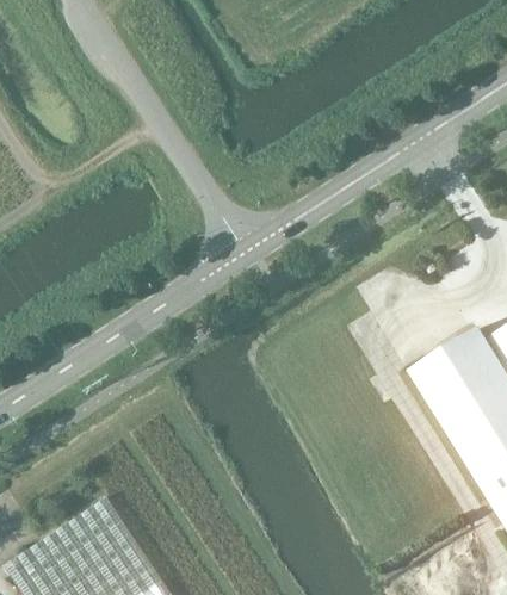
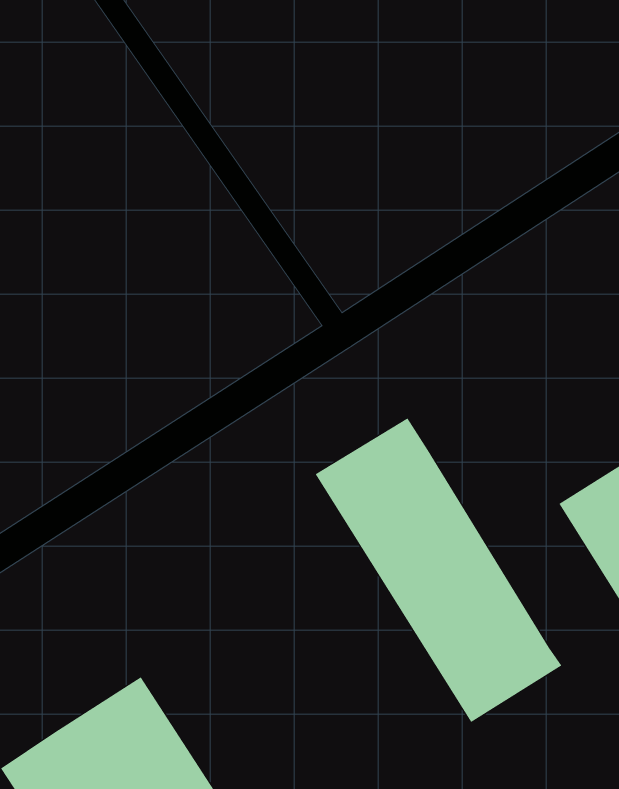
building: none -> [315,418,562,723]

